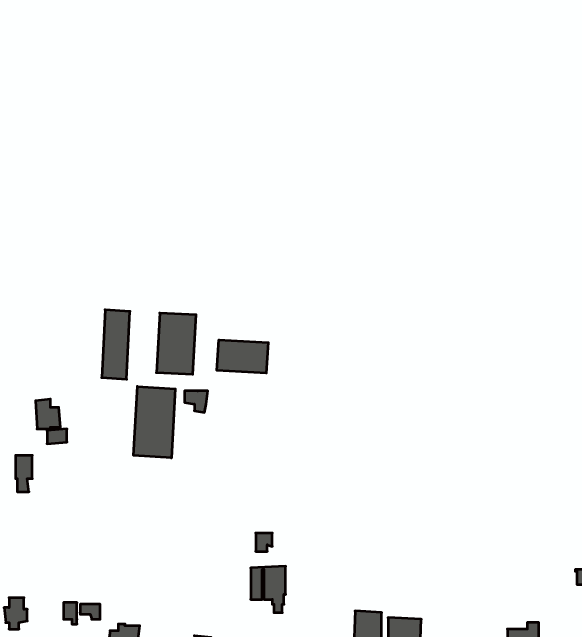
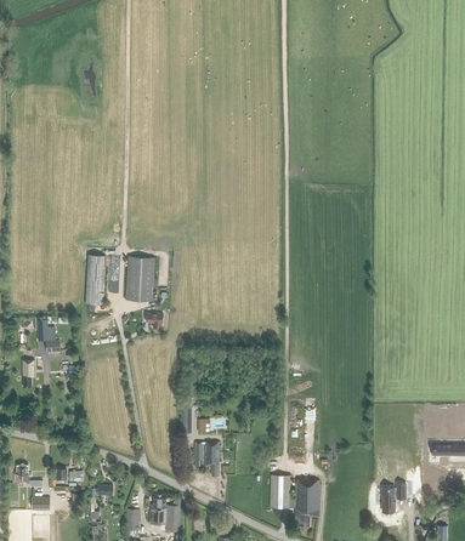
building: [217,340,268,373] -> none
building: [134,386,175,458] -> none

